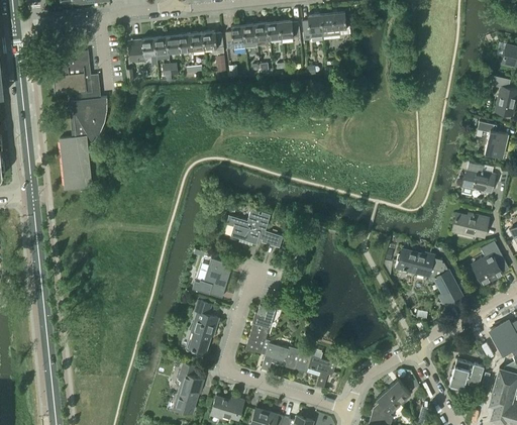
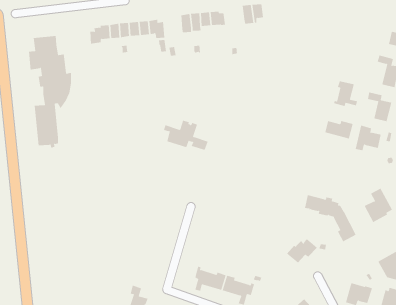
building: [302,13,323,40] -> none
building: [225,25,245,48] -> none
building: none -> [334,80,358,107]
building: [226,209,283,247] -> [163,120,208,150]
building: [452,214,489,237] -> [324,121,353,139]
building: [191,258,231,298] -> none
building: [188,301,215,354] -> none
building: none -> [286,238,318,264]
building: [245,305,275,353] -> none

